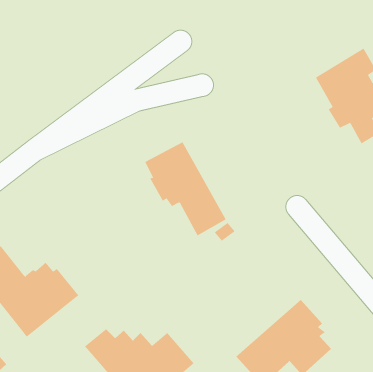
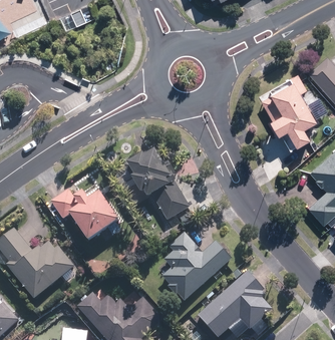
building: none -> [50,190,117,242]
building: none -> [161,232,233,302]

